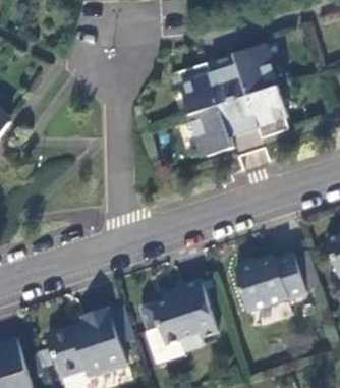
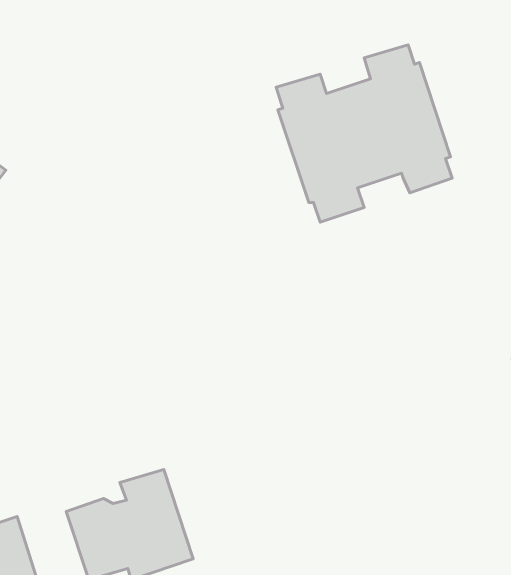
building: [233,254,304,311] -> none
building: [139,281,218,353] -> none

